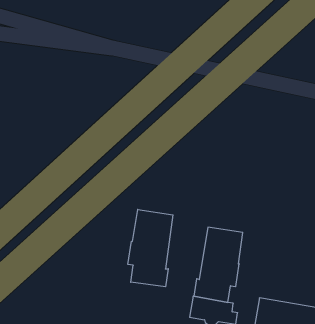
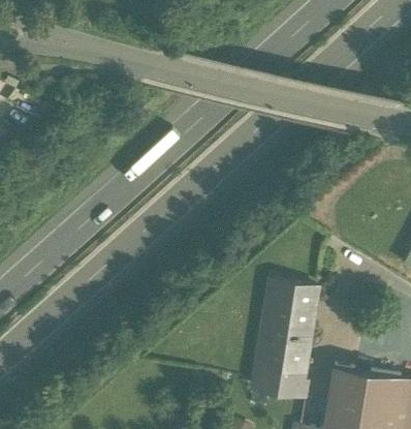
building: [128,209,173,287] -> none

